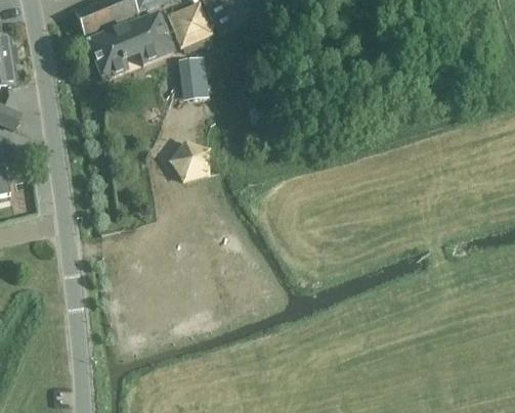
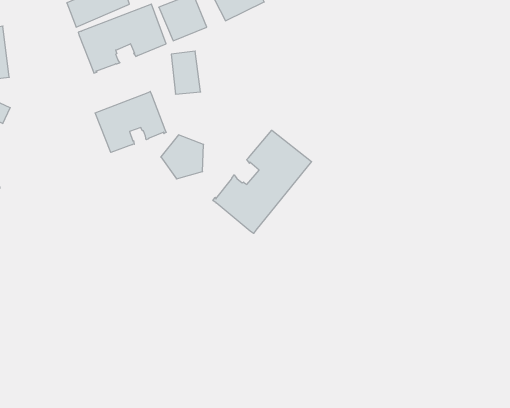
building: none -> [95,91,166,152]
building: none -> [213,130,312,233]

